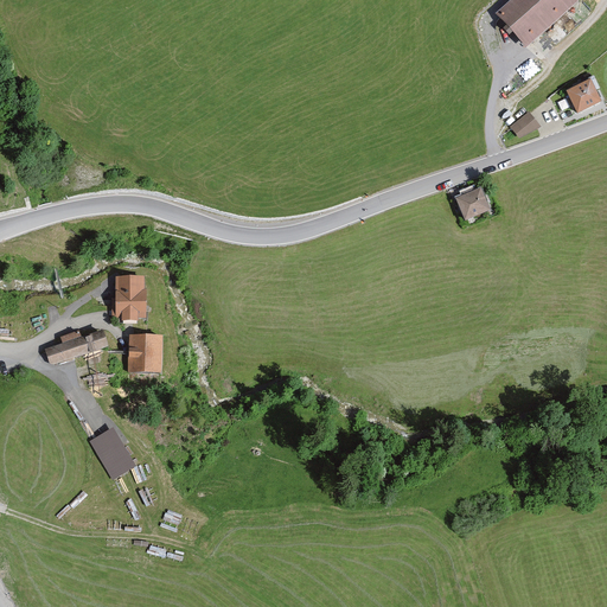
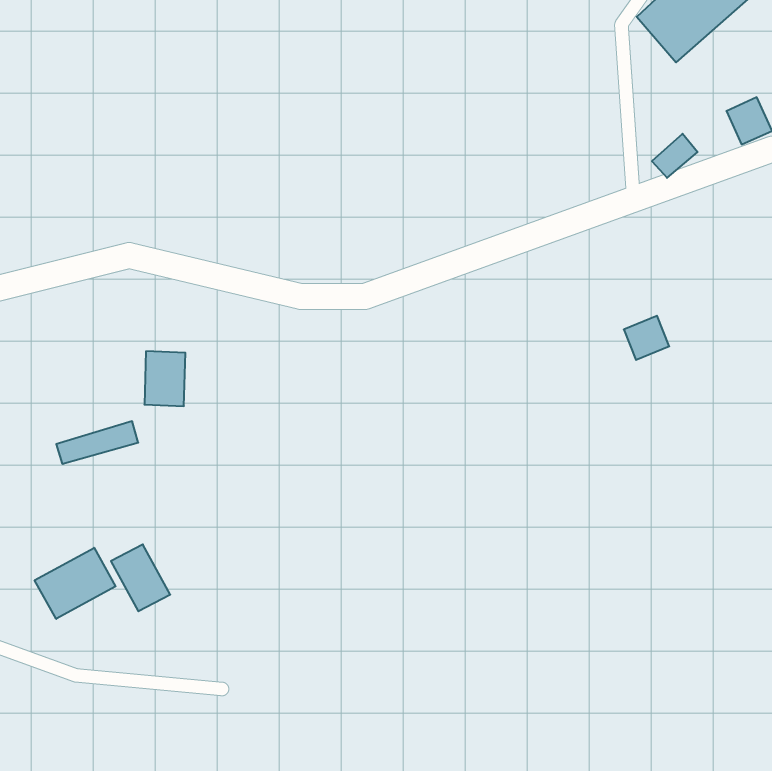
building: [456,189,492,223] -> [624,316,669,360]
building: [123,332,162,370] -> none
building: none -> [35,548,116,619]

